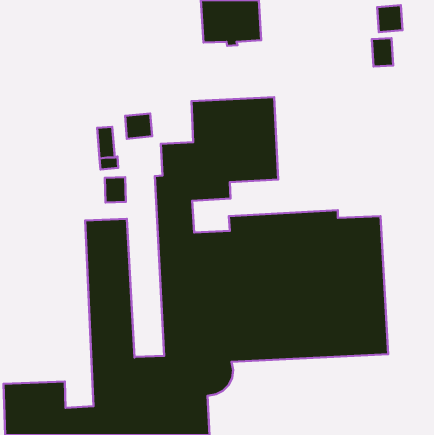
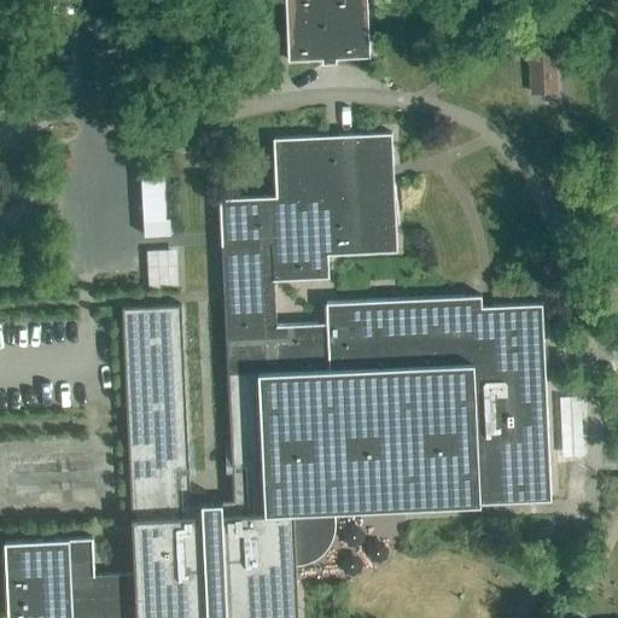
building: [377,5,402,32] -> none
building: [125,114,152,139] -> none

